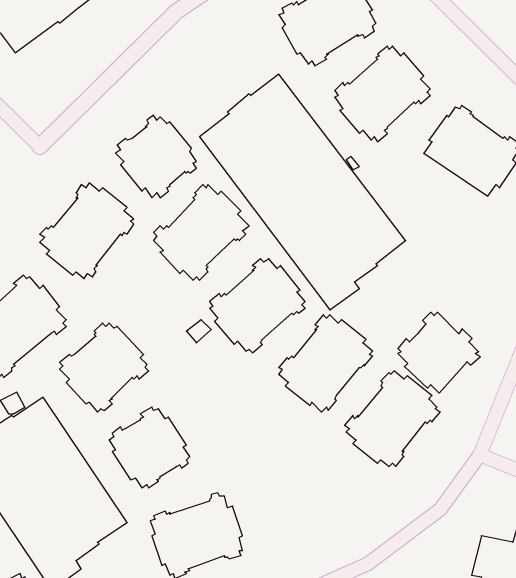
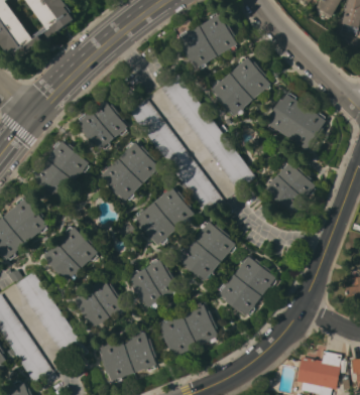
building: [398,312,480,393] -> [265,161,316,211]
building: none -> [129,258,176,307]
building: none -> [159,302,217,357]

